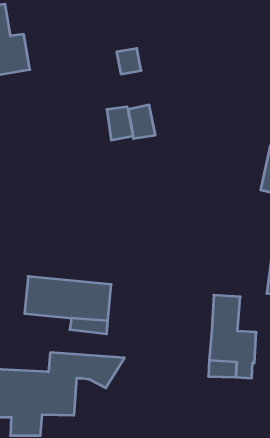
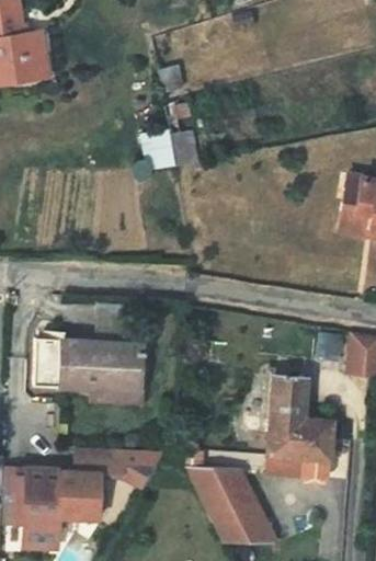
building: none -> [187,456,278,539]

